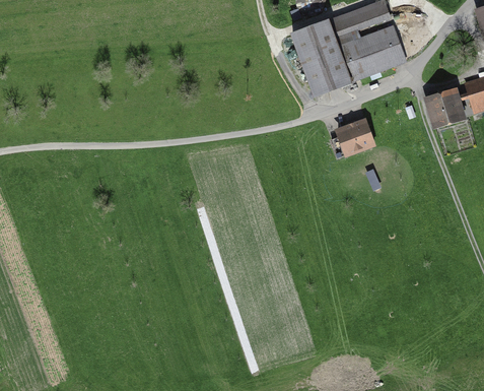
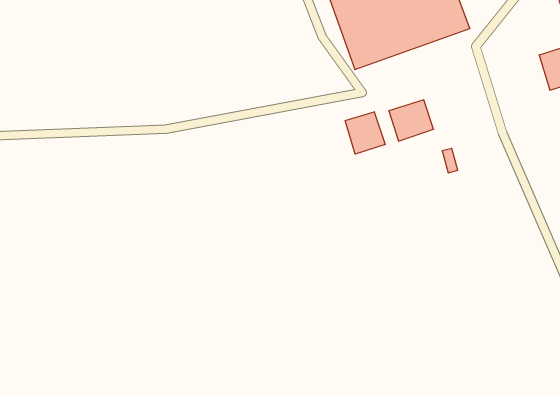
building: [429,88,466,125] -> none
building: none -> [345,112,385,154]

